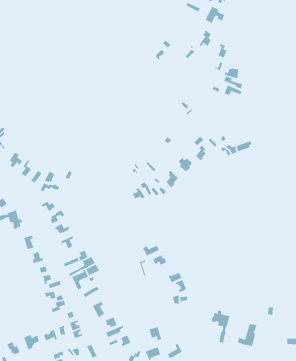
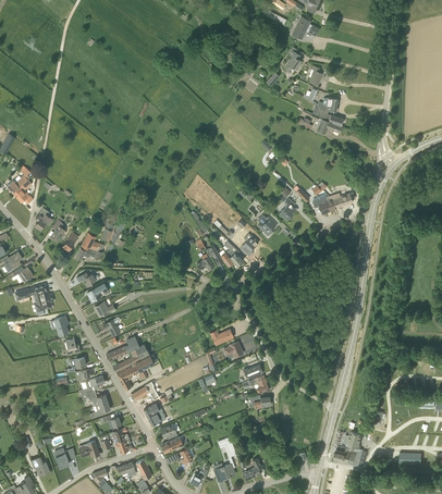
building: [211,310,230,344] -> none

